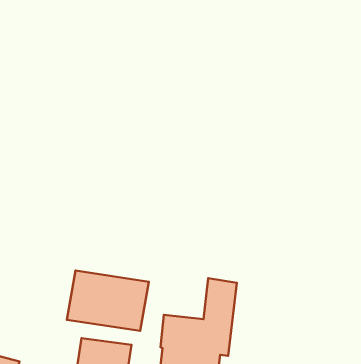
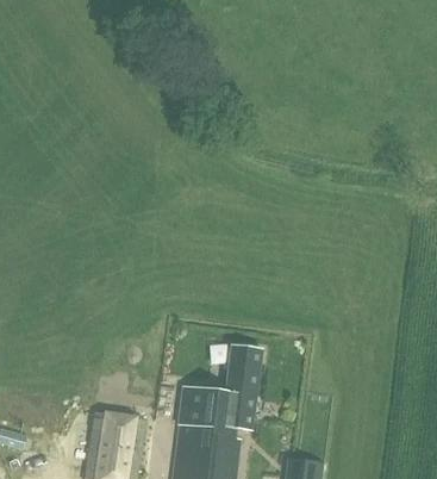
building: [67,271,149,331] -> none

